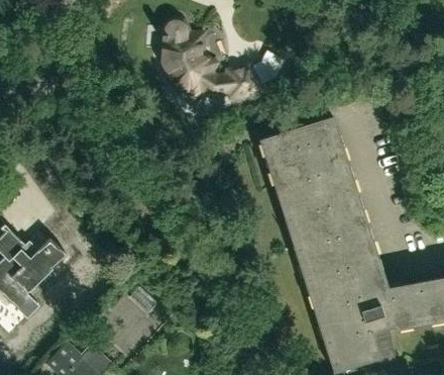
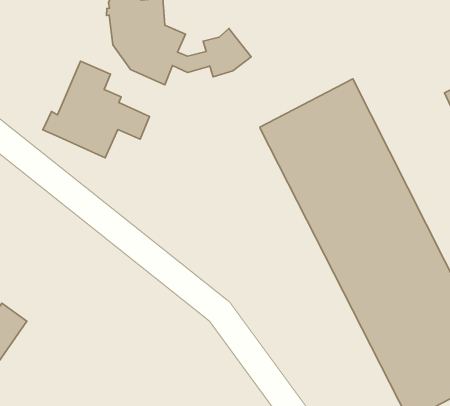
building: none -> [43,61,149,158]

